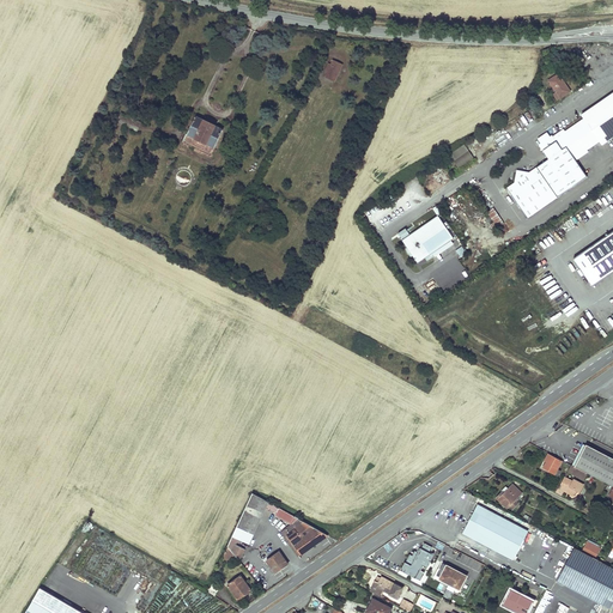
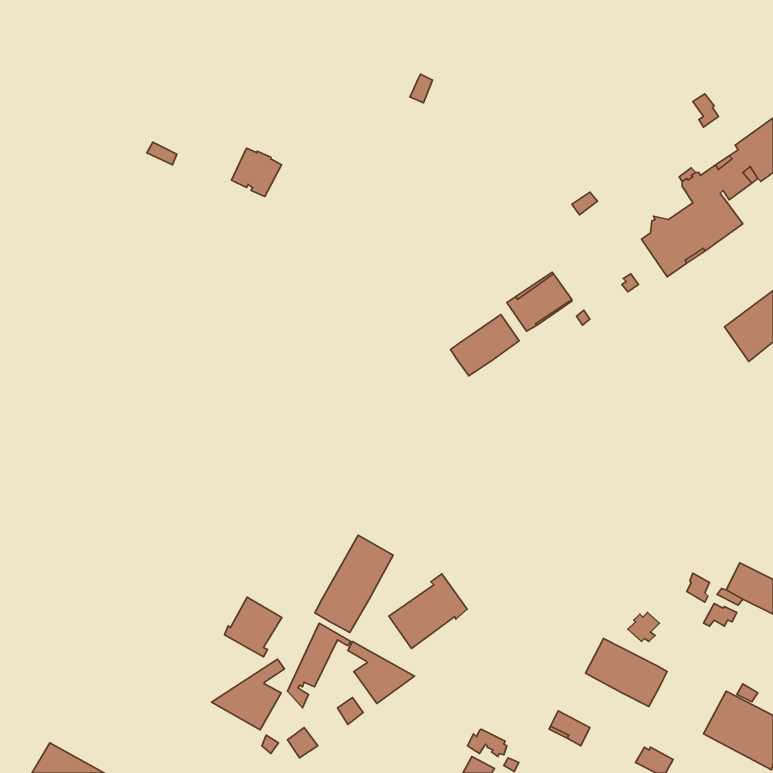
building: none -> [450,315,519,376]
building: none -> [315,535,393,632]
building: none -> [389,574,467,649]
building: none -> [225,597,282,657]
building: none -> [212,659,284,730]

